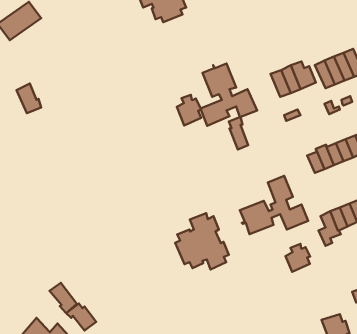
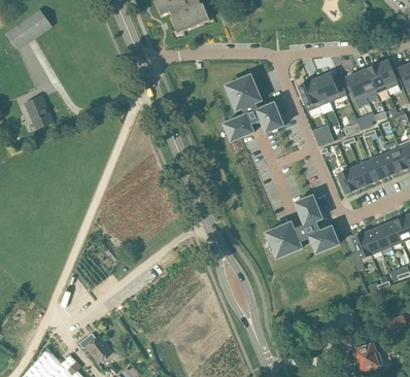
building: [177,95,201,125] -> none
building: [229,117,248,150] -> none
building: [175,213,229,269] -> none
building: [285,244,310,272] -> none
building: [50,283,77,313] -> none

